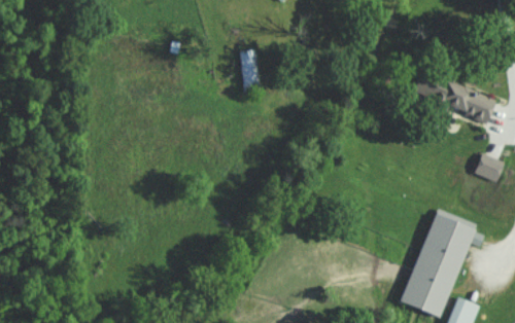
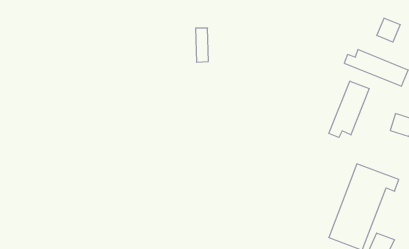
building: none -> [377,18,400,42]
building: none -> [329,81,369,137]

